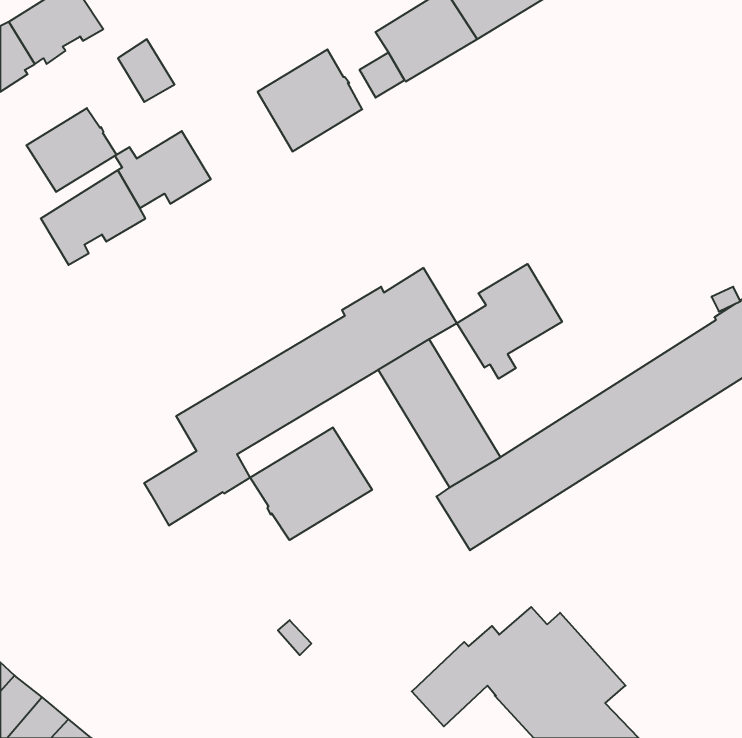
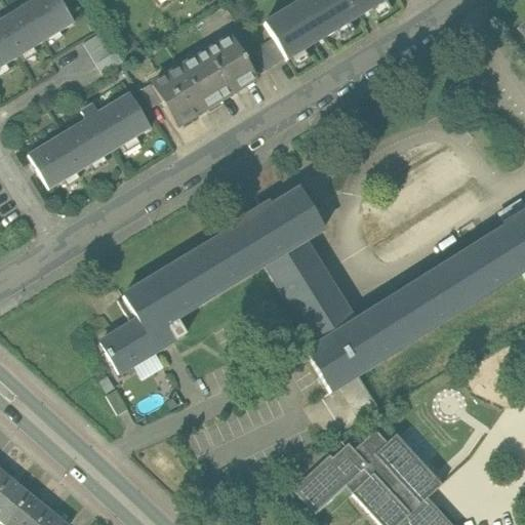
building: none -> [153,65,207,124]
building: [26,108,117,192] -> none
building: [457,264,562,379] -> none
building: [250,427,372,540] -> none

